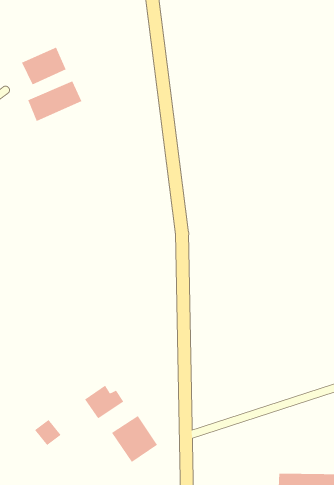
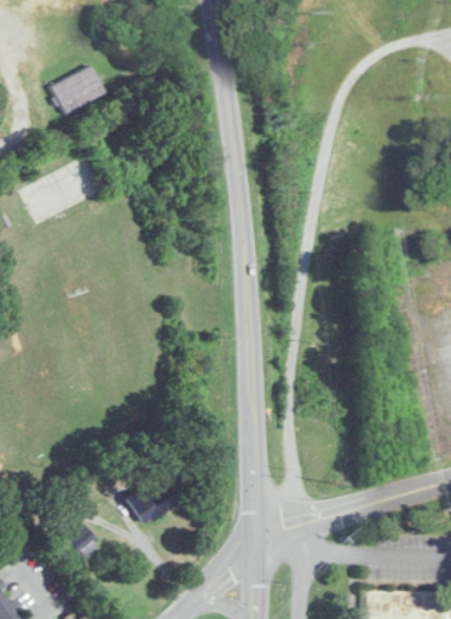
building: [28,80,82,122] -> none
building: [111,415,158,463] -> none

